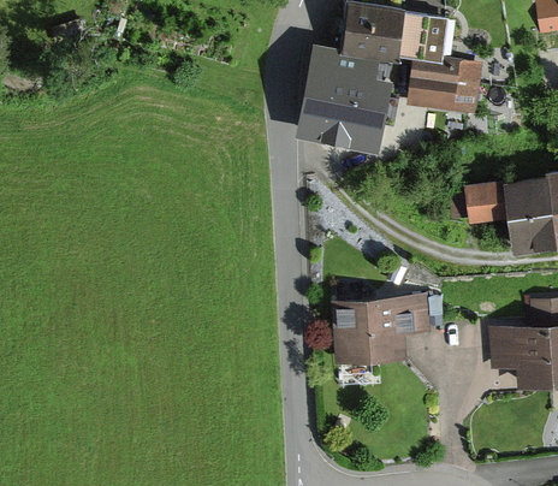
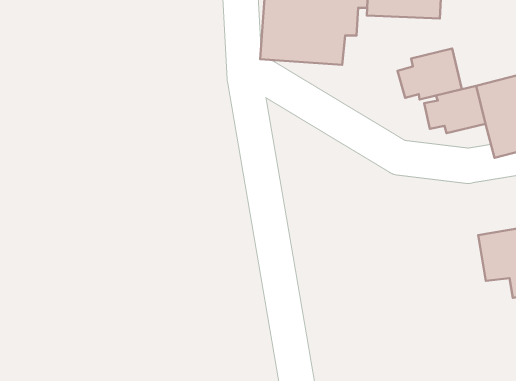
building: none -> [398,48,462,100]
building: [333,295,431,362] -> none

